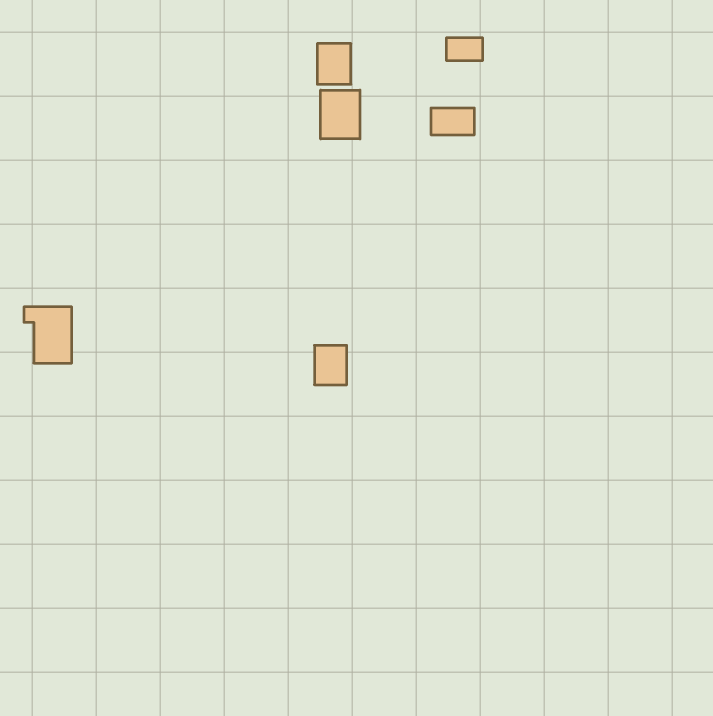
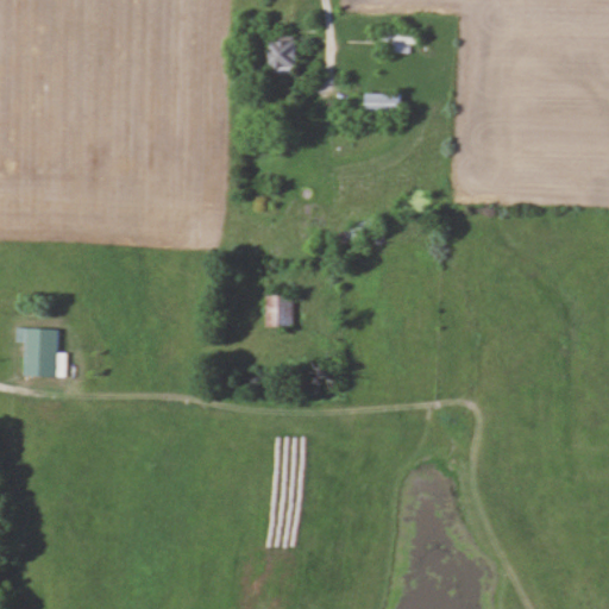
building: [321,90,360,139] -> none
building: [24,307,72,363] -> [15,328,56,376]

